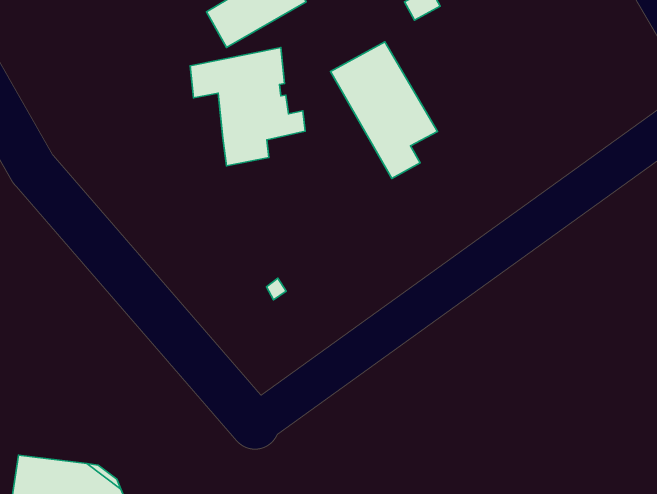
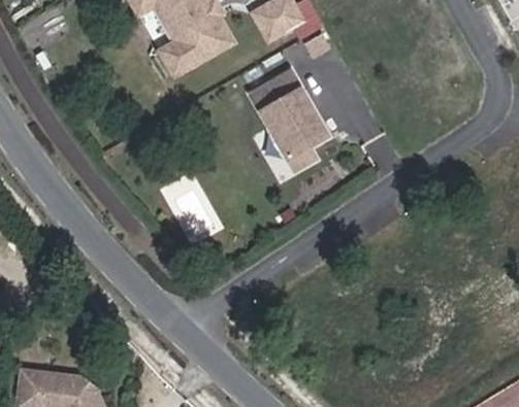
building: [190,48,305,166] -> none

